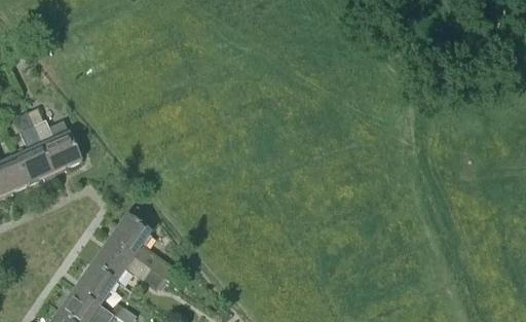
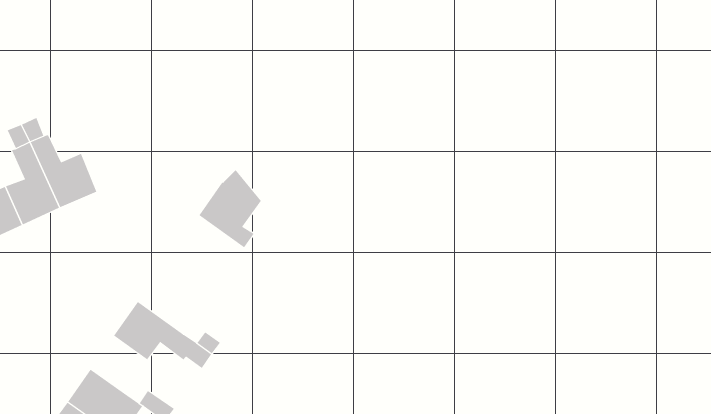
building: [109,206,154,262] -> [199,169,262,248]
building: [75,263,116,305] -> none

